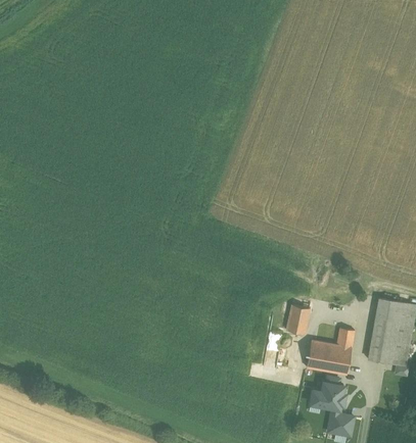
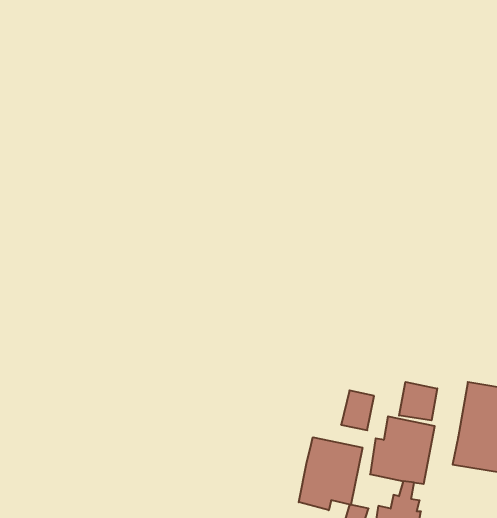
building: none -> [399,382,437,420]
building: none -> [299,437,362,510]

